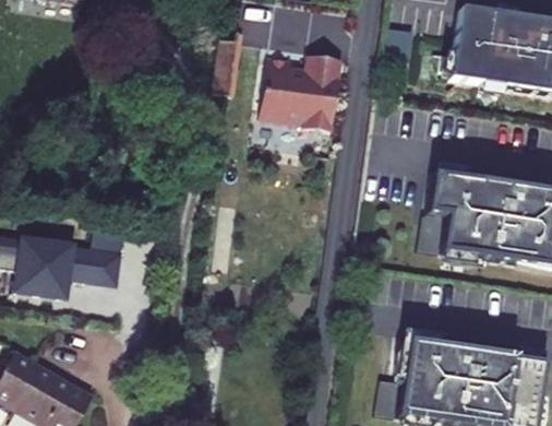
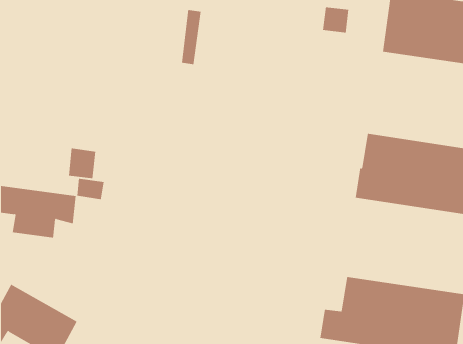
building: [260,57,341,133] -> none
building: [89,247,122,283] -> [68,148,96,179]

